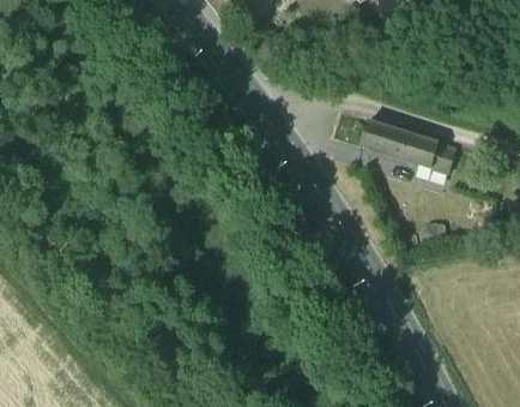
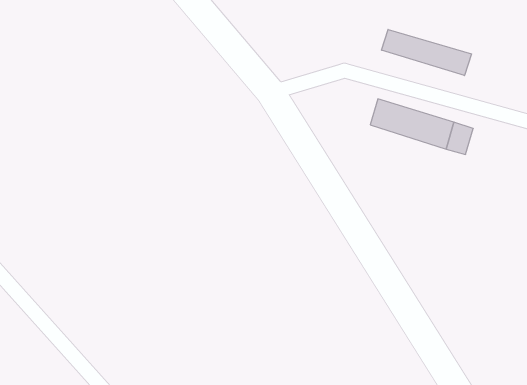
building: none -> [382,29,472,76]

